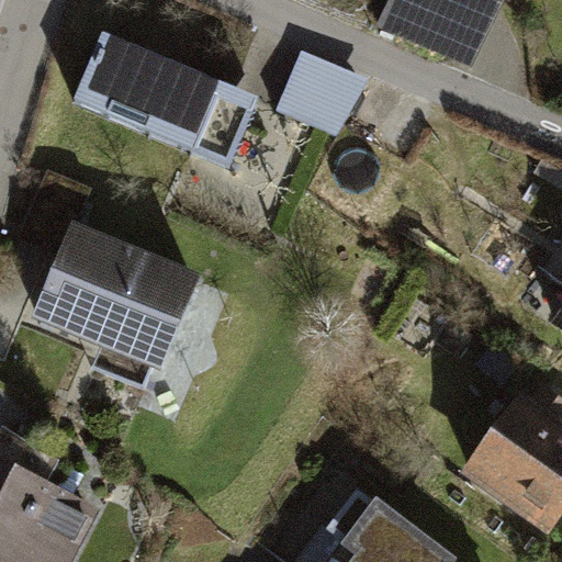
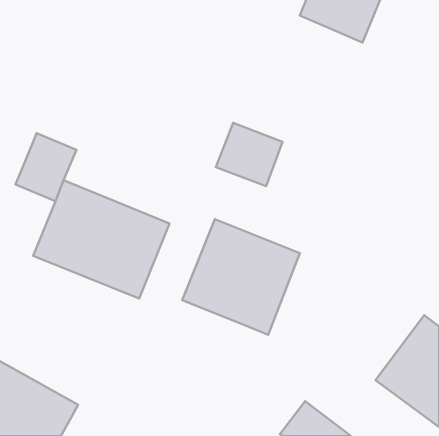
building: [80,38,262,168] -> none
building: [277,49,361,130] -> [216,123,283,186]
building: none -> [182,219,300,335]

